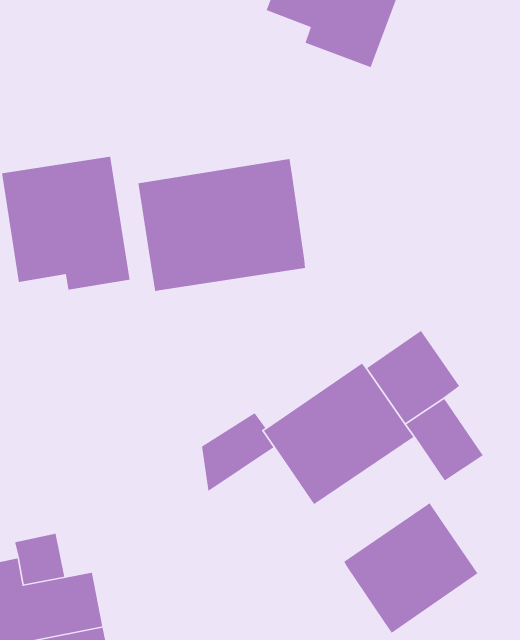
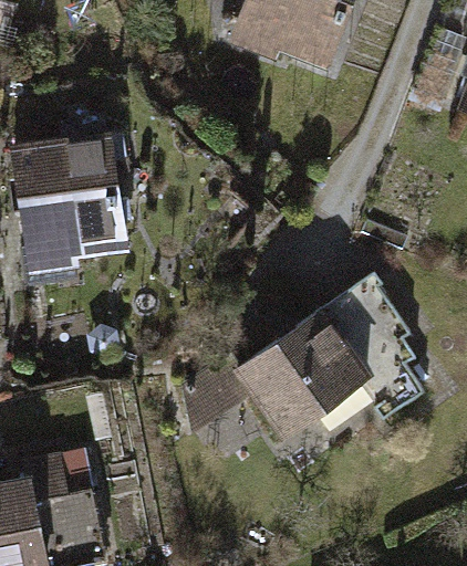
building: [137,158,306,292] -> none
building: [343,502,478,634] -> none

